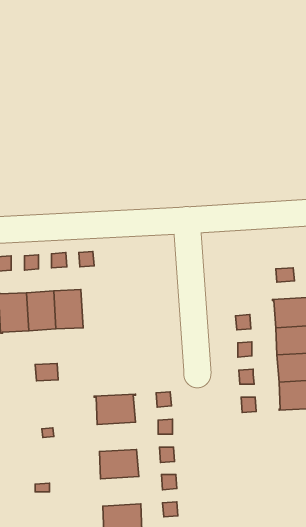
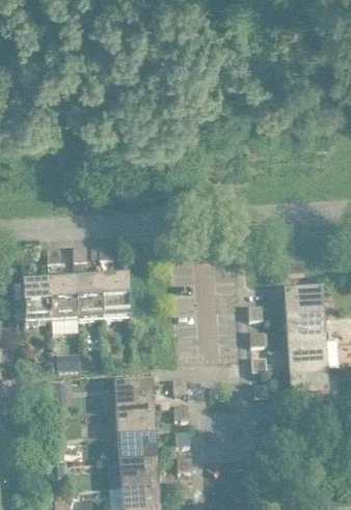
building: none -> [101,276,130,315]
building: none -> [116,405,154,433]
building: none -> [119,457,158,485]

